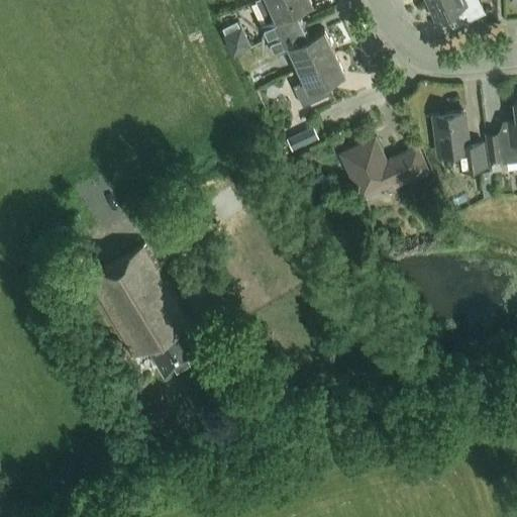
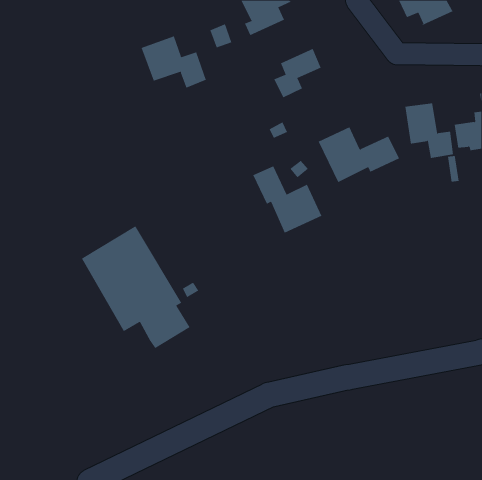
building: [268,23,335,70] -> none
building: none -> [141,36,206,88]
building: none -> [253,166,322,233]

